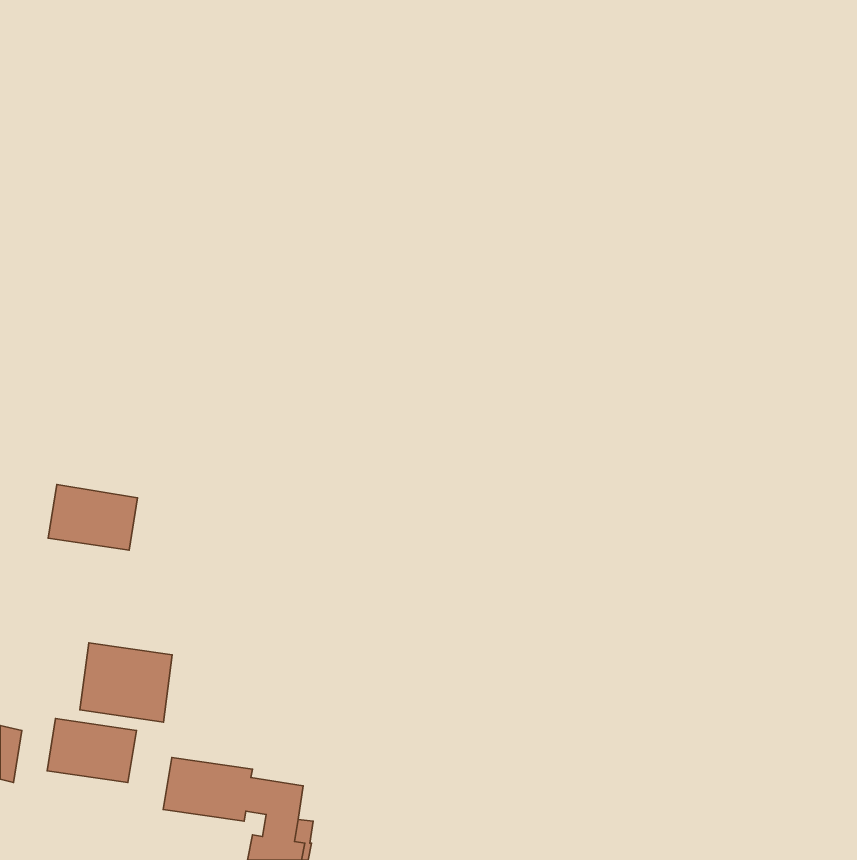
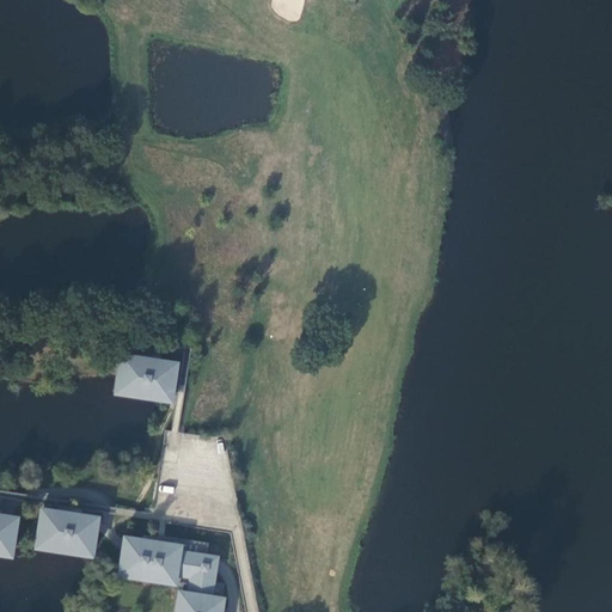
building: [48,484,138,550] -> [115,355,178,402]
building: [80,643,172,722] -> none

